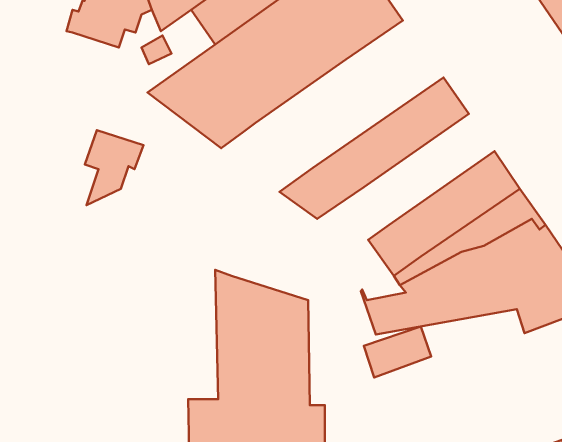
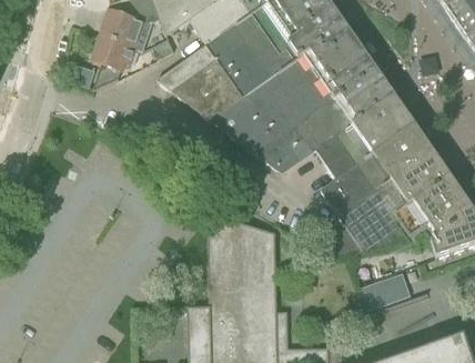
building: none -> [212,26,376,152]
building: none -> [317,94,414,177]
building: [85,130,144,205] -> [93,34,137,90]
building: [364,326,431,378] -> [362,271,412,309]

